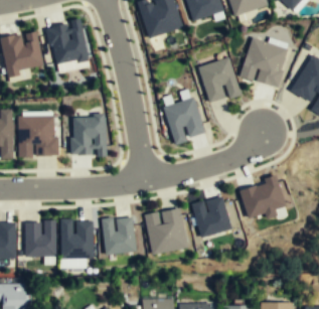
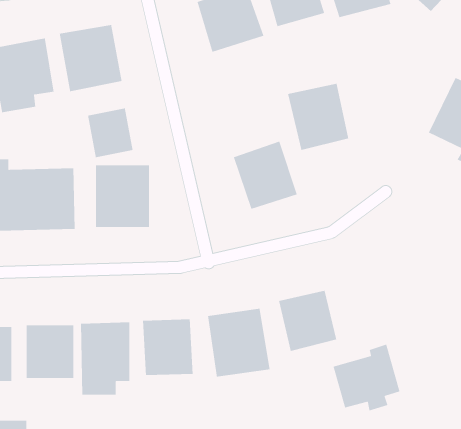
building: [242,38,289,88] -> none
building: none -> [87,107,133,158]
building: [241,174,286,219] -> [332,344,400,411]

